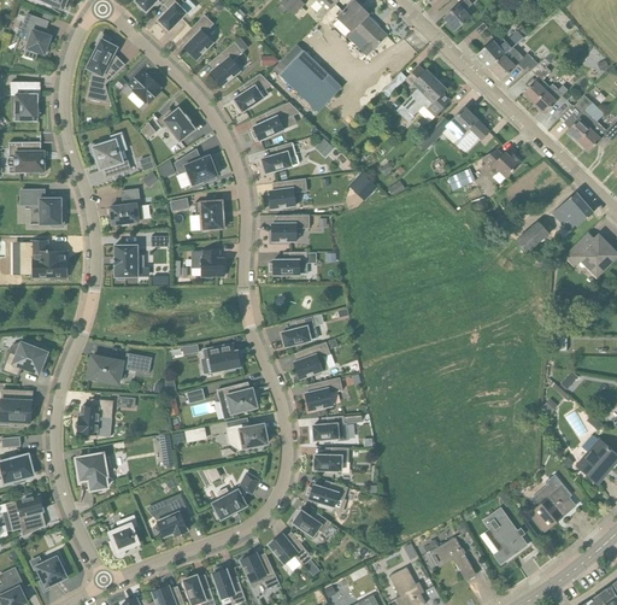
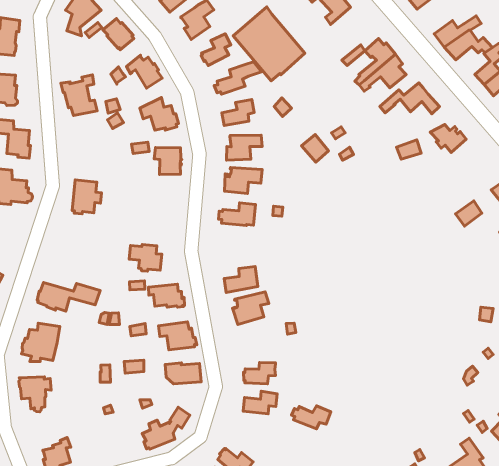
building: [110,188,142,225] -> none
building: [190,249,224,277] -> [129,244,162,271]
building: [306,377,342,411] -> none
building: [306,482,347,506] -> [292,406,331,429]
building: [154,493,193,536] -> none

